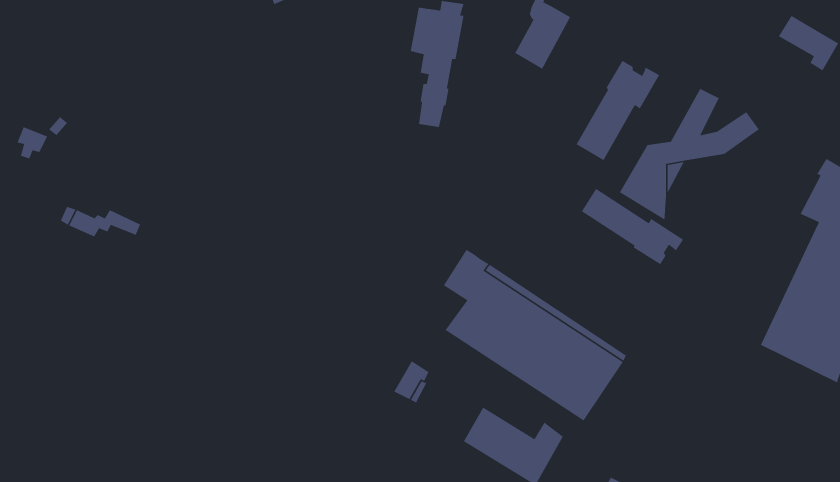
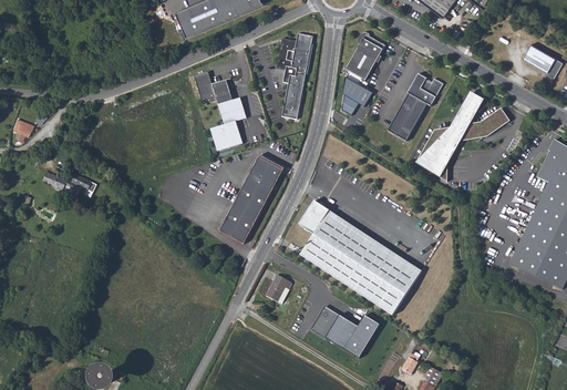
building: none -> [195,72,246,151]
building: none -> [342,76,372,115]
building: none -> [217,155,285,245]
building: [581,188,684,265] -> none

